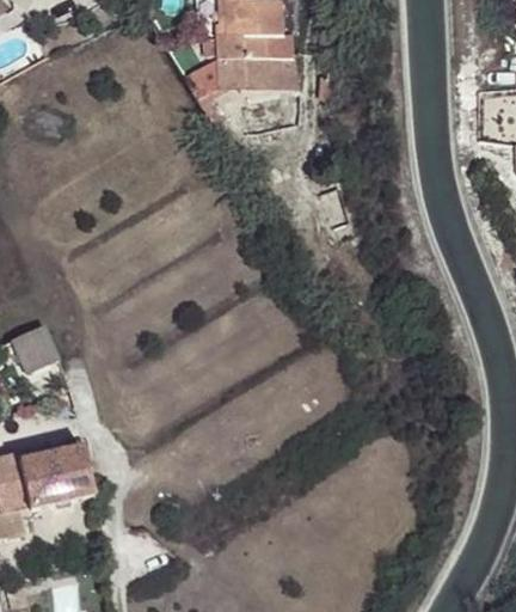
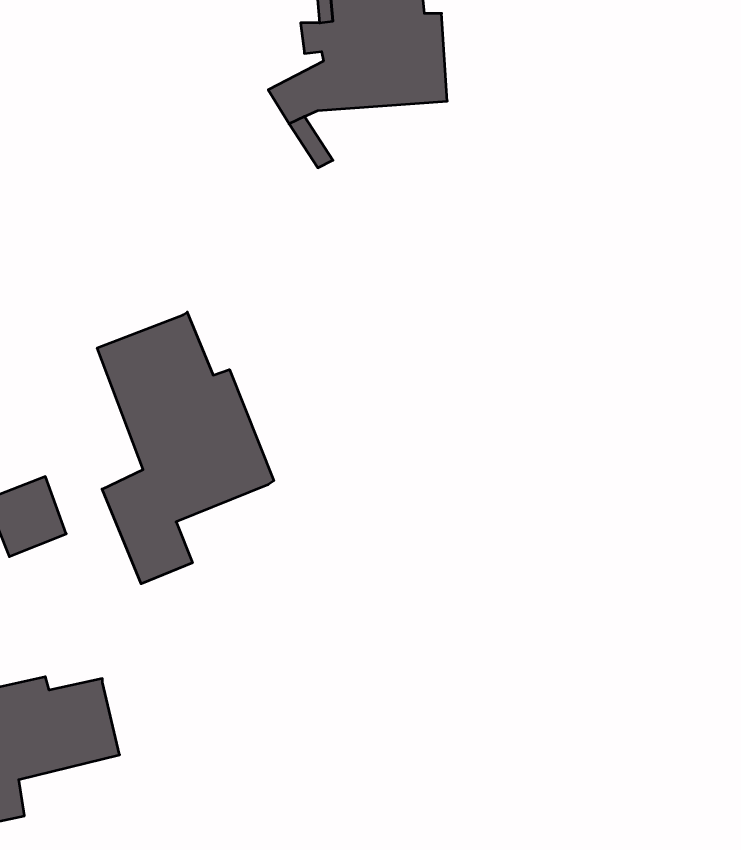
building: none -> [97,312,274,584]

